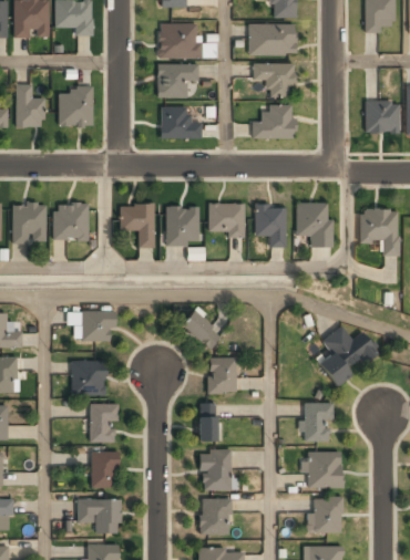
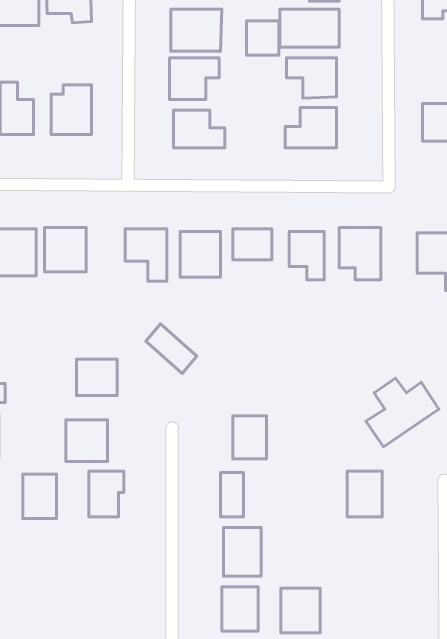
building: none -> [247,21,279,55]
building: [181,311,223,352] -> [146,324,197,374]
building: [90,452,117,488] -> [23,474,56,519]
building: [305,452,341,488] -> none
building: [309,497,341,533] -> [281,588,320,633]
building: [76,499,120,533] -> none

